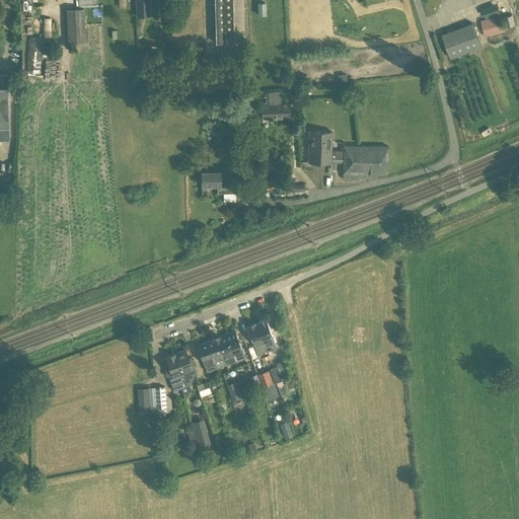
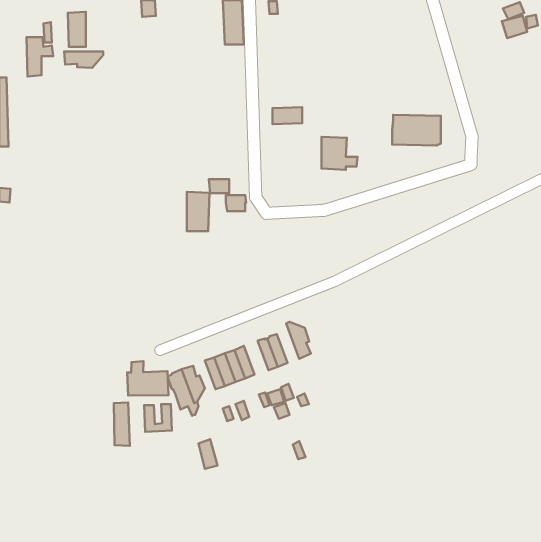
building: [441,23,480,58] -> none
building: none -> [64,51,103,68]
building: [341,145,387,174] -> [392,115,441,146]
building: none -> [187,192,210,231]
building: none -> [286,322,311,359]
building: none -> [127,361,168,396]
building: none -> [114,402,130,446]

